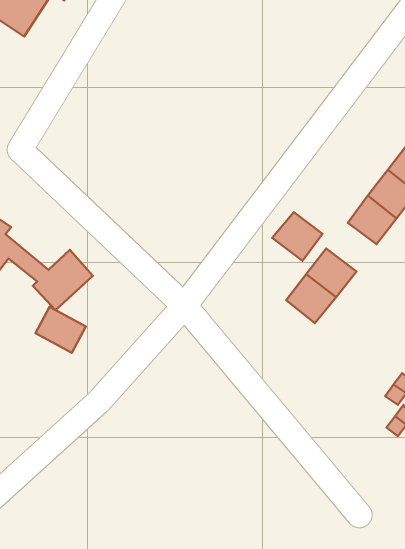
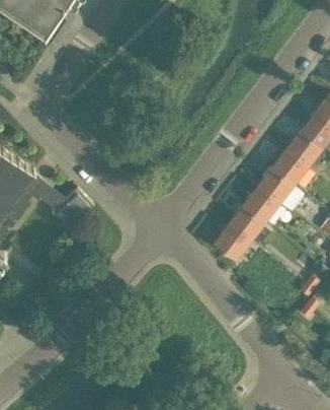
building: [272,212,322,261] -> [256,169,292,204]
building: none -> [213,224,248,260]
building: [36,307,86,353] -> none

